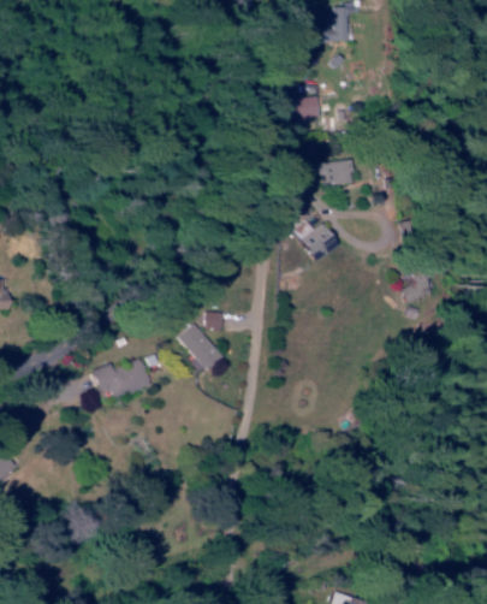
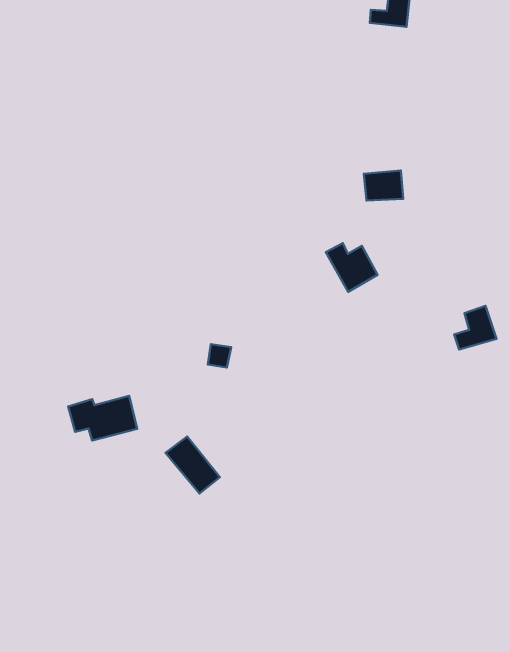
building: [292,95,321,122] -> none
building: [176,324,221,369] -> [166,437,220,493]

